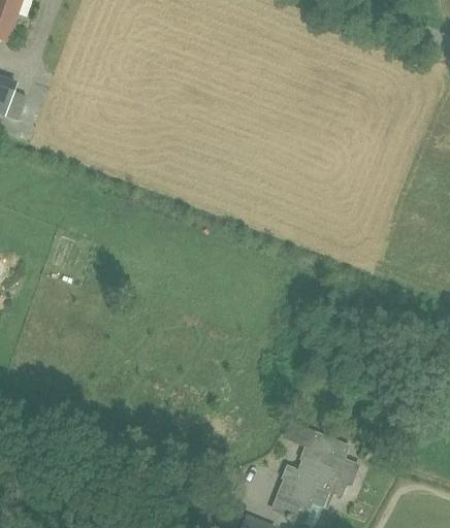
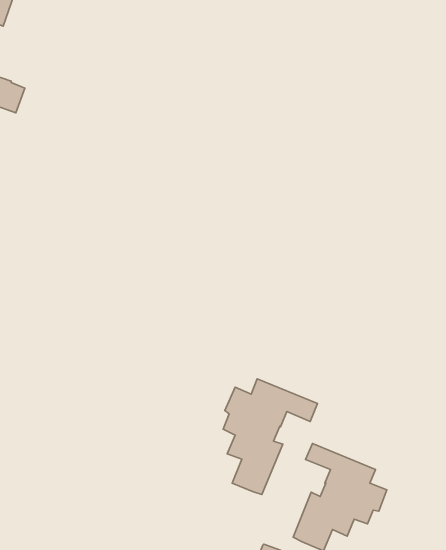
building: none -> [223,379,317,494]

